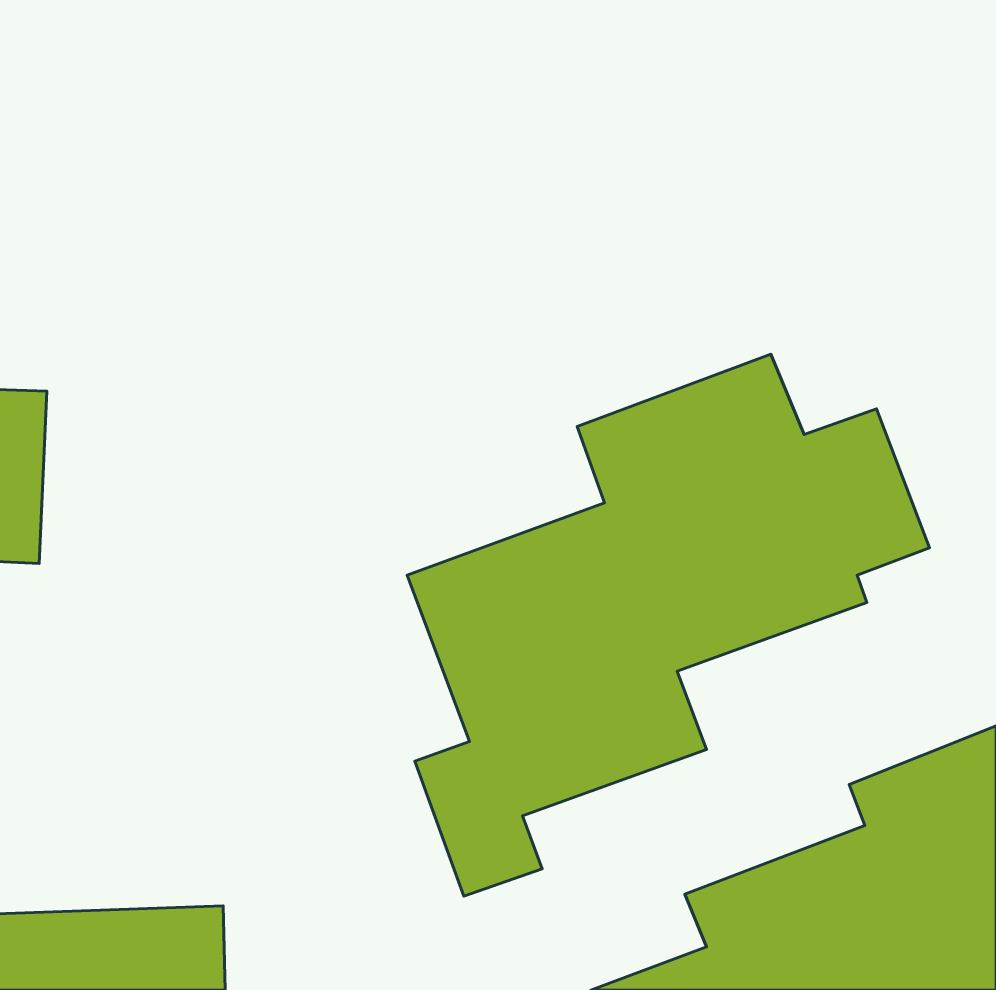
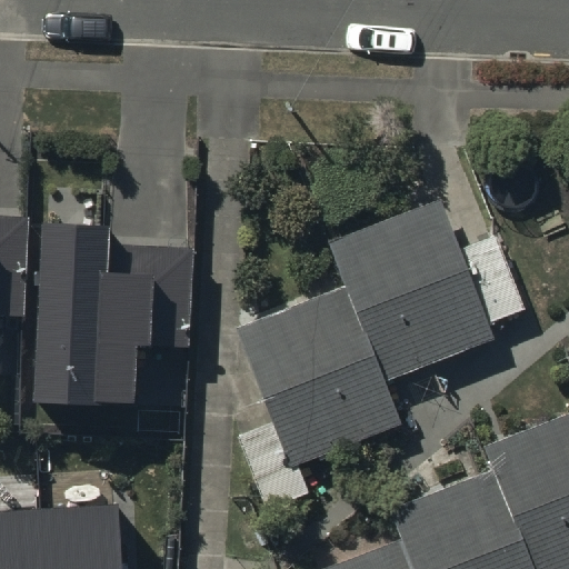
building: none -> [36,226,193,419]

